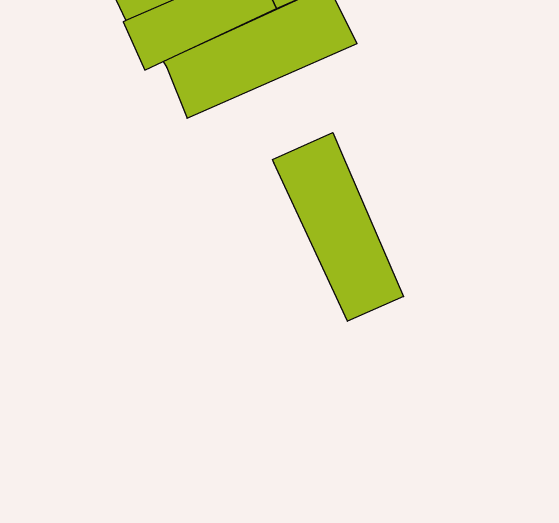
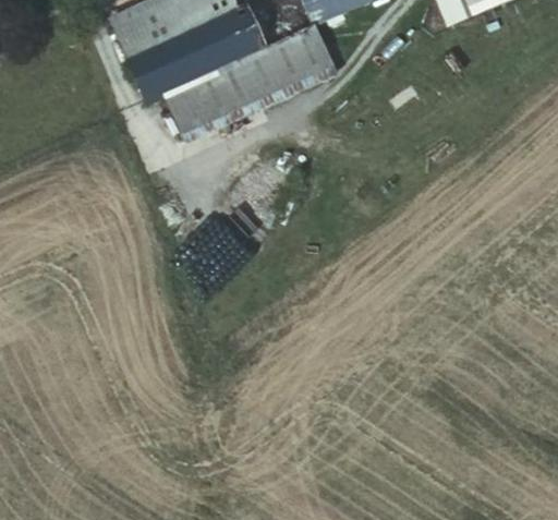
building: [273,133,404,321] -> none

